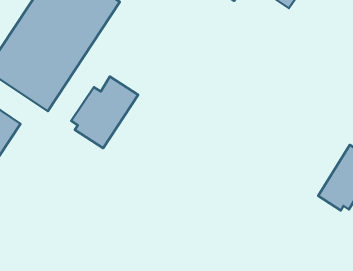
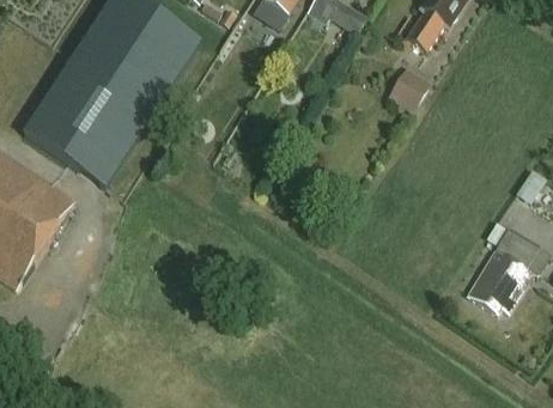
building: none -> [388,65,432,111]
building: [71,77,138,148] -> none

